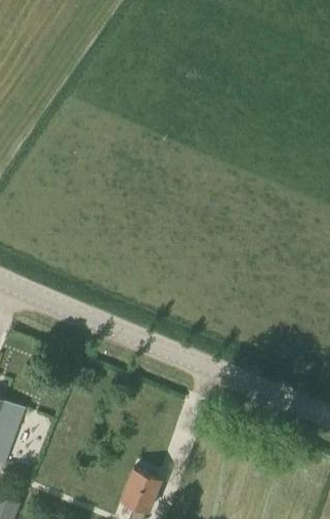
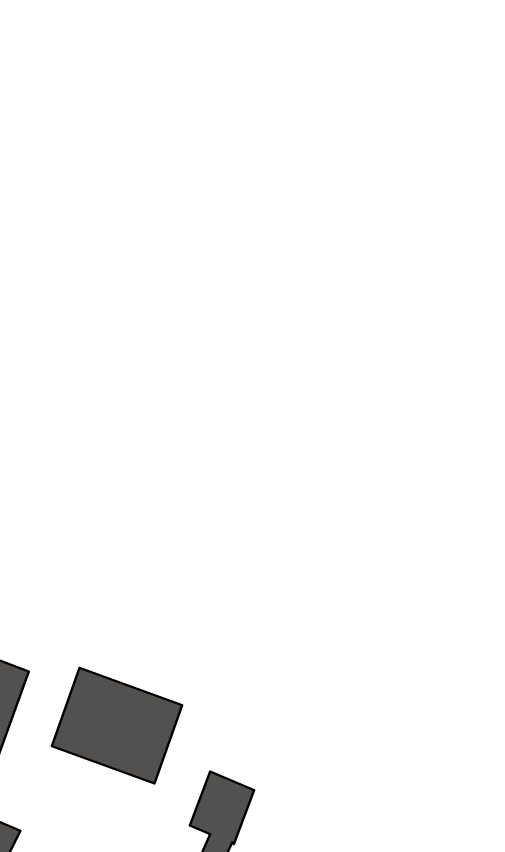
building: none -> [52,668,182,783]

